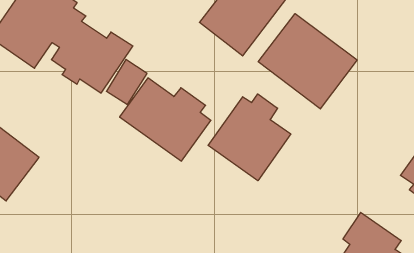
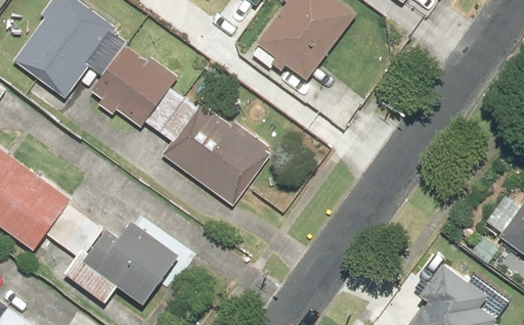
building: [258,14,357,109] -> none
building: [208,94,291,181] -> none
building: none -> [48,207,196,307]

